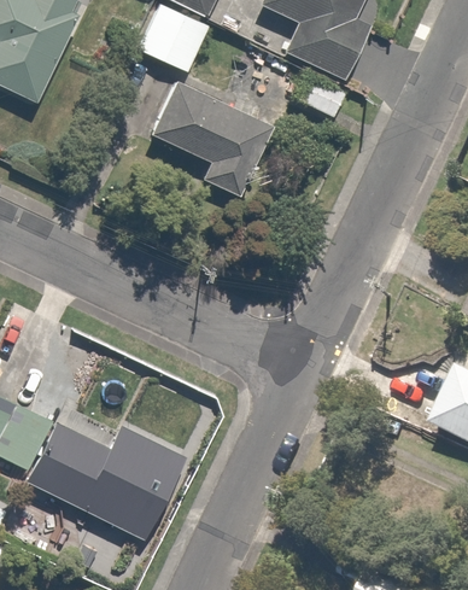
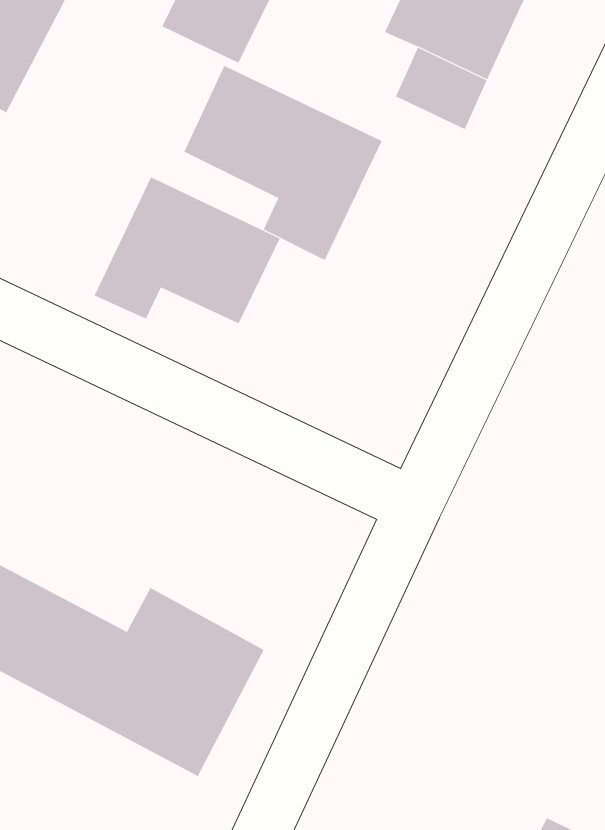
building: none -> [94,176,280,324]

